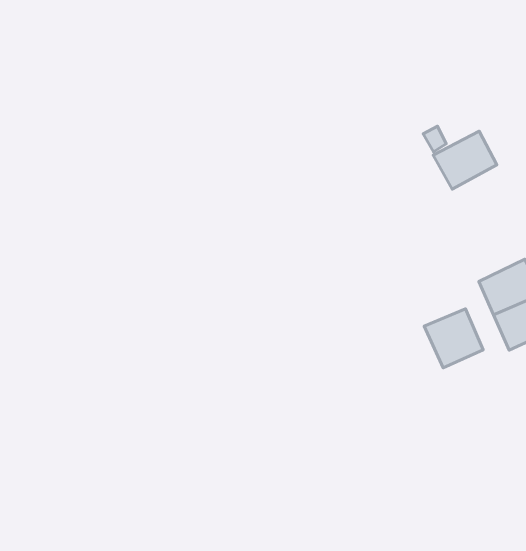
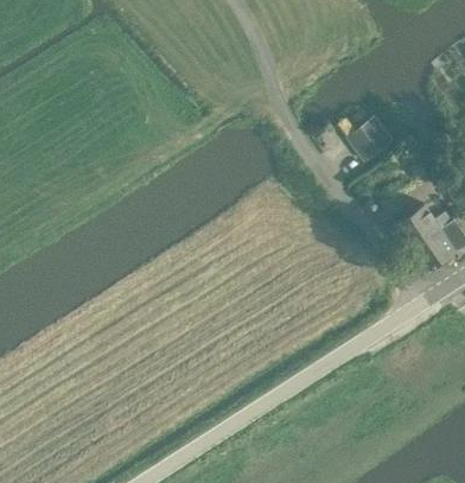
building: [424,309,483,368] -> none

